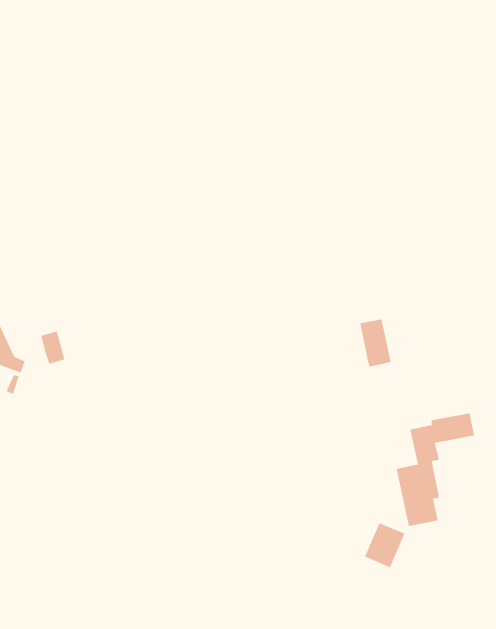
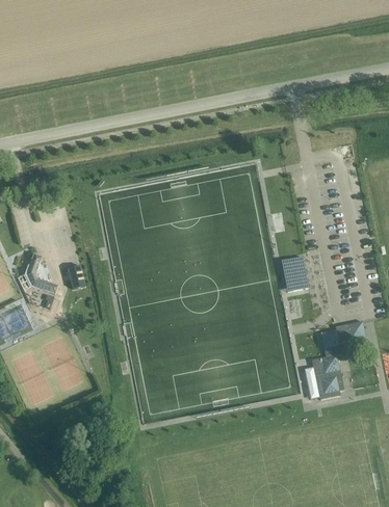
building: [364,522,405,568] -> none

